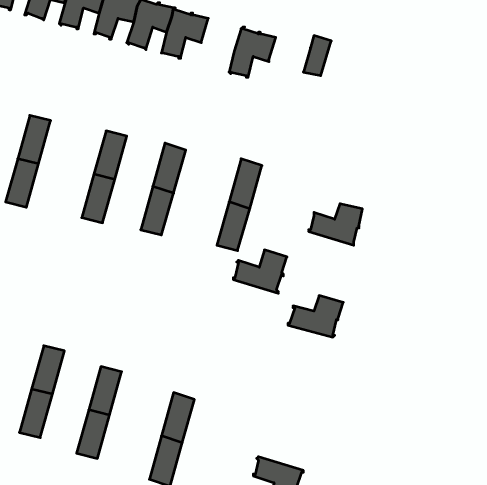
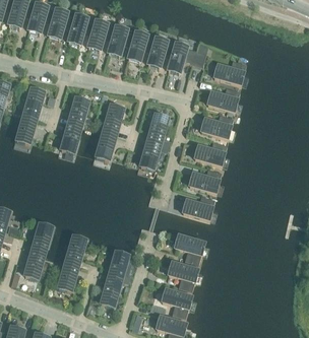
building: none -> [127,30,154,61]
building: none -> [168,43,195,72]
building: none -> [213,59,245,83]
building: none -> [207,85,239,111]
building: none -> [200,113,233,137]
building: [233,250,287,293] -> [189,166,221,192]
building: none -> [174,234,204,263]
building: none -> [168,262,197,289]

